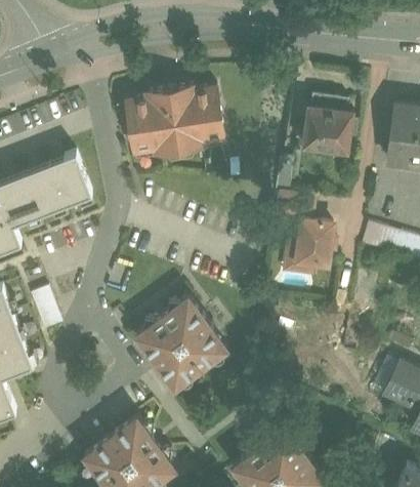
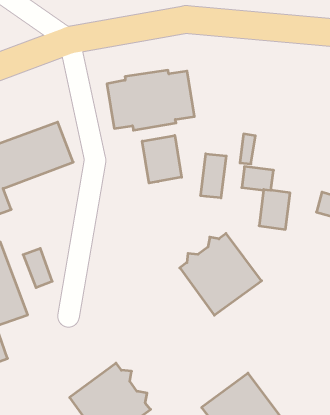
building: [303,97,358,155] -> none
building: none -> [142,135,182,183]
building: none -> [201,154,226,198]
building: [135,298,227,391] -> [180,233,262,315]

